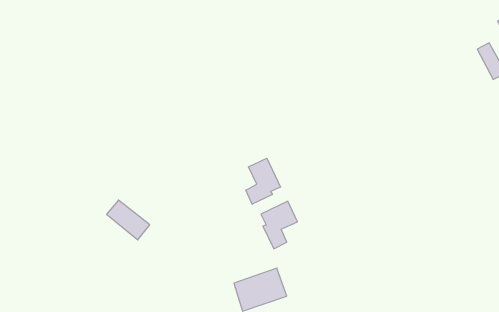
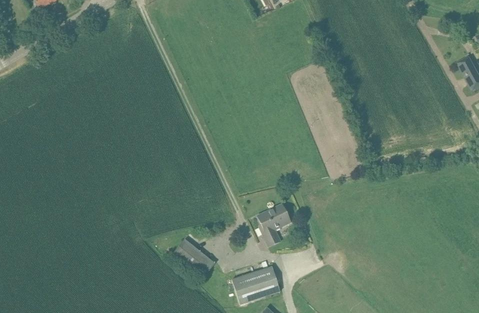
building: [246,158,280,204] -> none
building: [107,200,150,240] -> [174,240,214,277]

